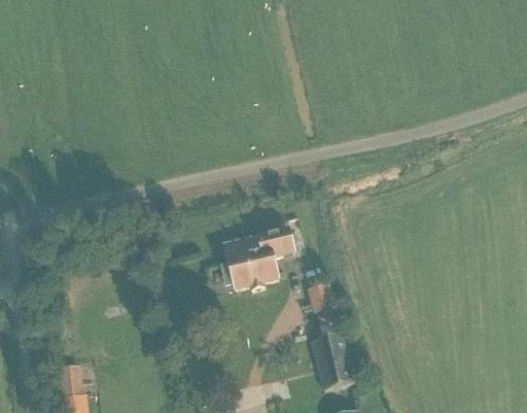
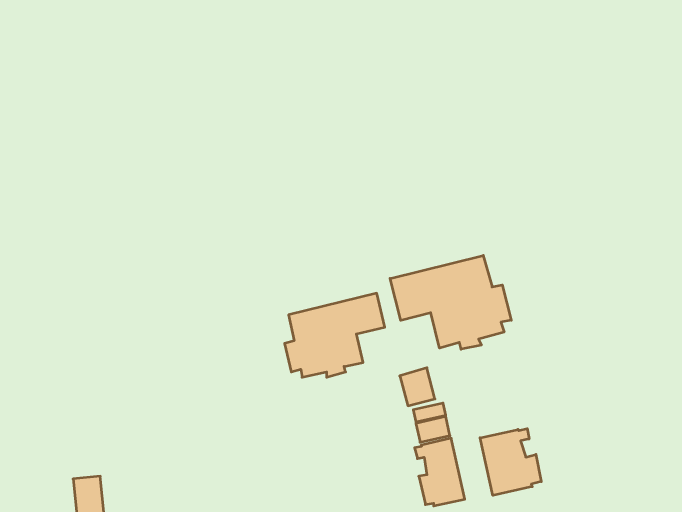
building: none -> [390,255,511,349]
building: none -> [480,429,541,495]

